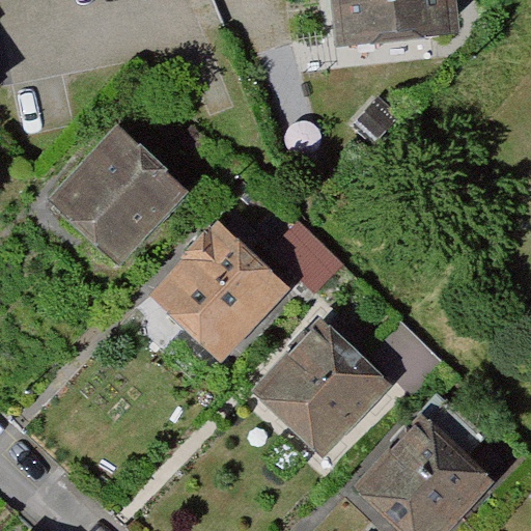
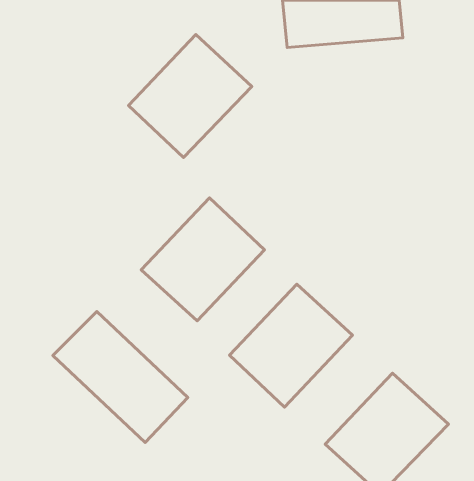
building: [52,128,187,262] -> [129,34,252,157]
building: none -> [53,311,188,443]

